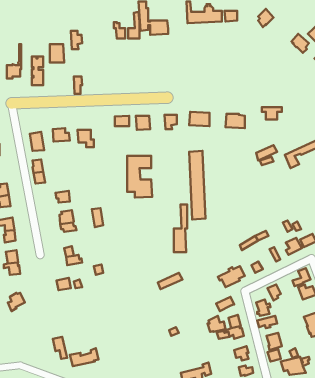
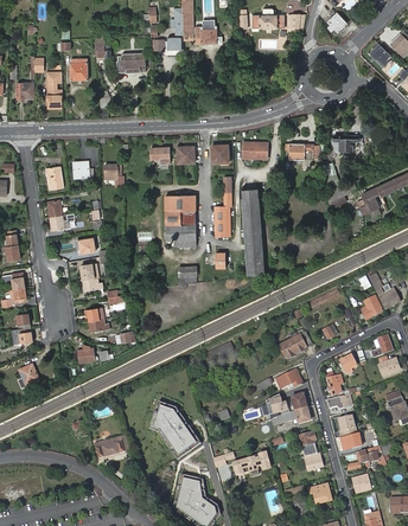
building: none -> [115,51,145,72]
building: [174,205,187,252] -> [215,177,231,236]
building: none -> [148,400,200,460]

